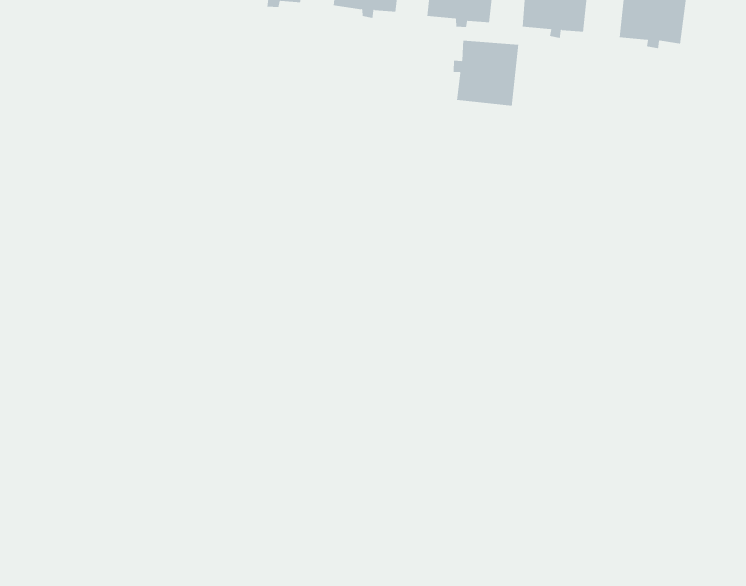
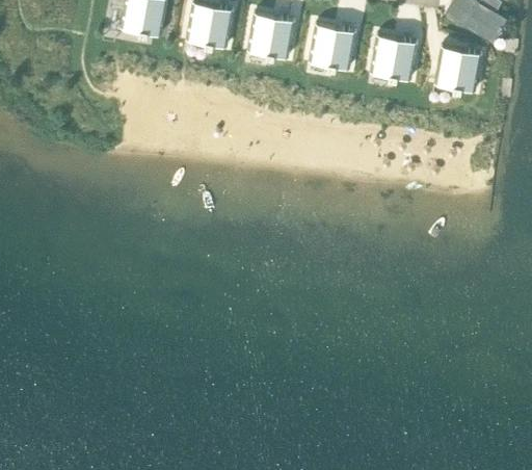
building: [453,40,519,107] -> none

